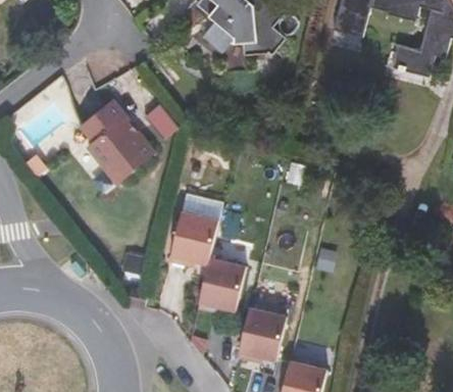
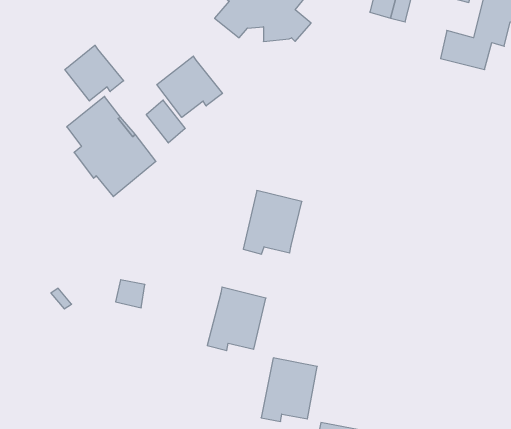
building: none -> [65,45,124,101]
building: none -> [157,56,222,117]
building: [168,210,217,263] -> [243,191,302,254]

